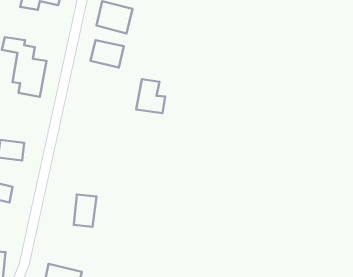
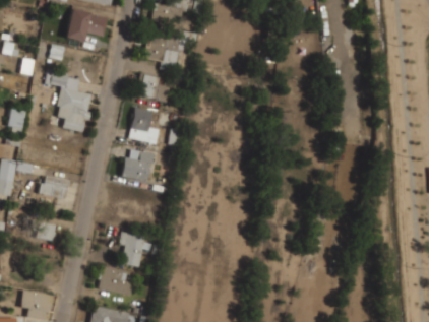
building: [136,79,165,113] -> [128,107,159,142]
building: none -> [121,148,152,181]
building: none -> [97,267,133,297]

